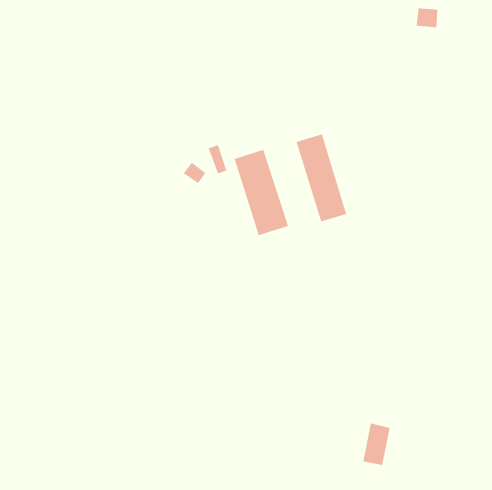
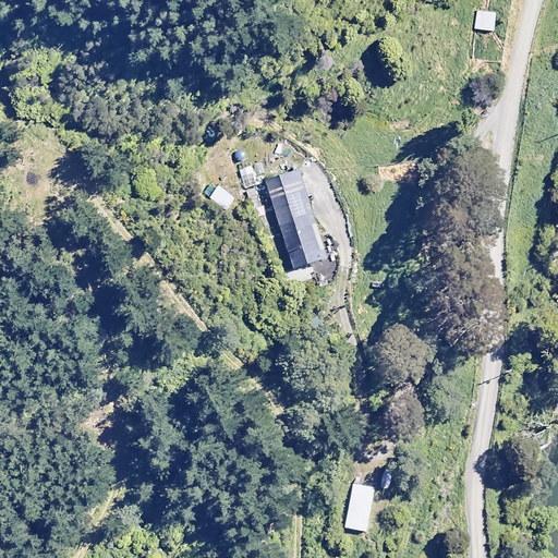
building: [296,133,347,222] -> none
building: [363,423,390,465] -> [342,482,374,530]

